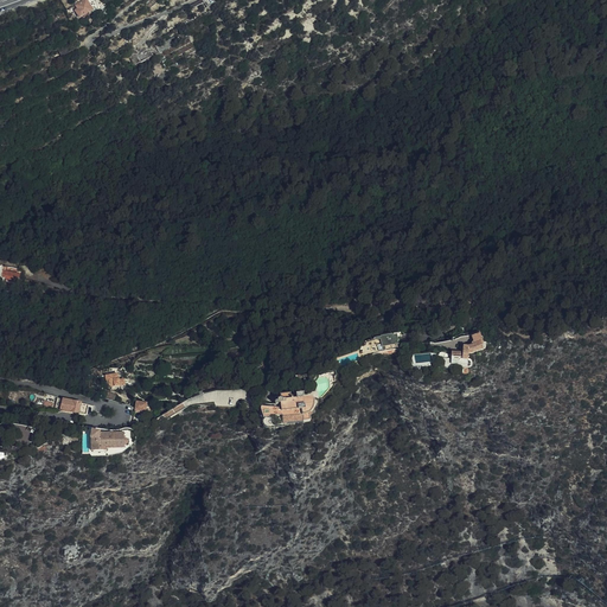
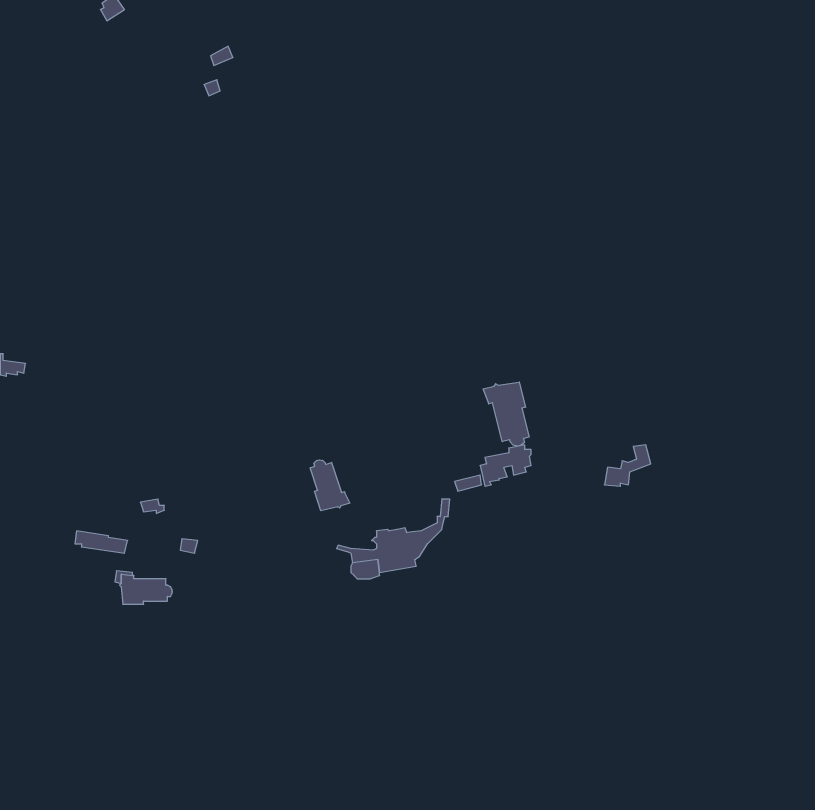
building: none -> [483,382,529,446]
building: none -> [310,460,350,511]

